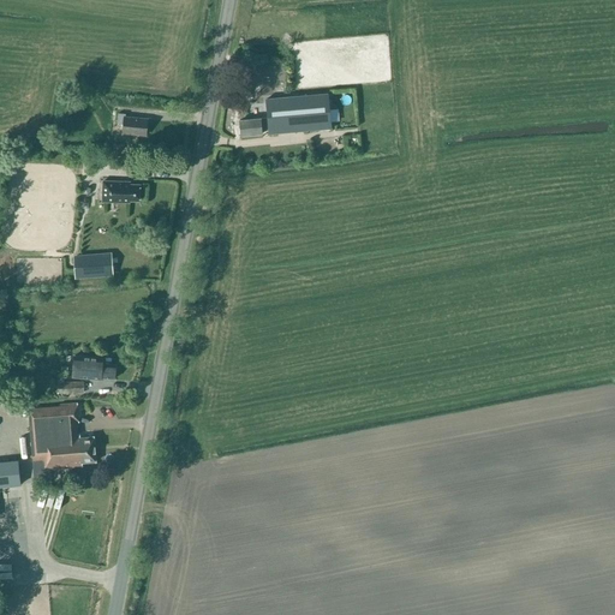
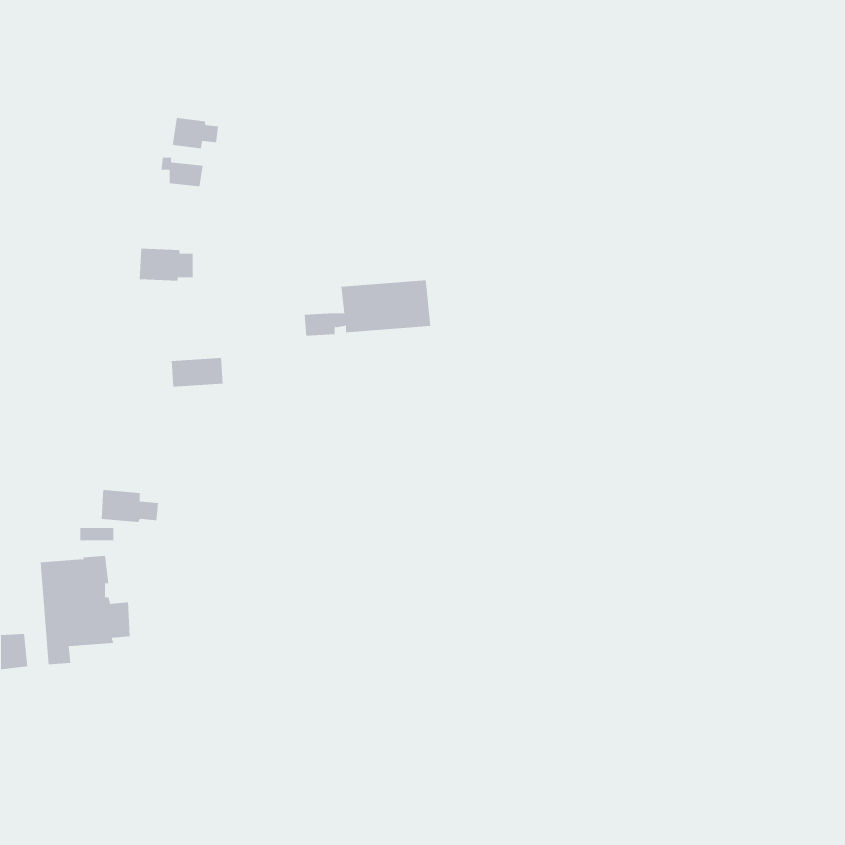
building: none -> [172,117,218,149]
building: [239,95,332,136] -> [304,280,431,336]
building: [73,255,112,276] -> [171,357,224,387]

